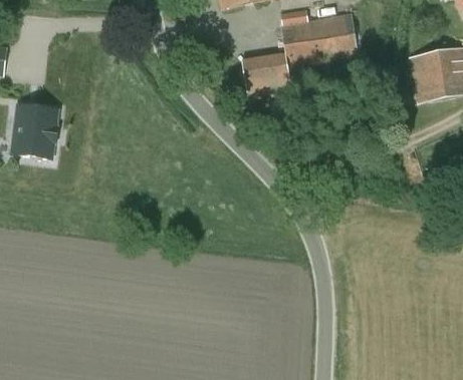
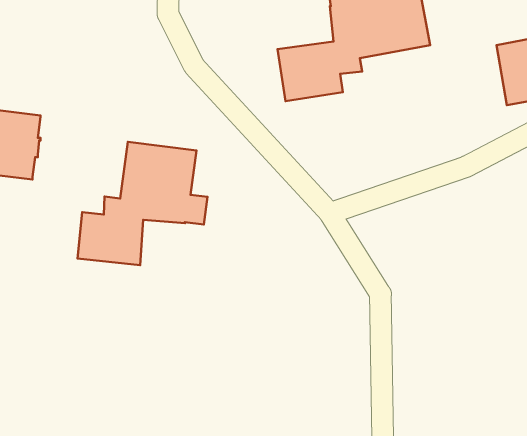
building: none -> [78,142,208,265]

